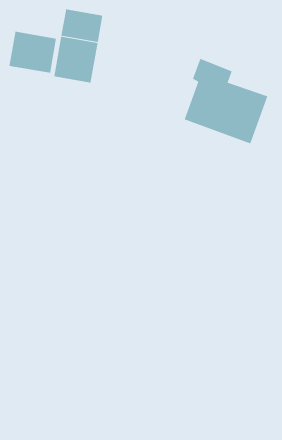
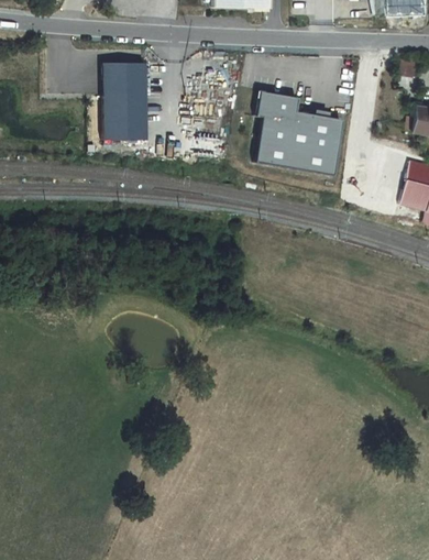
building: [9,31,57,74] -> none

